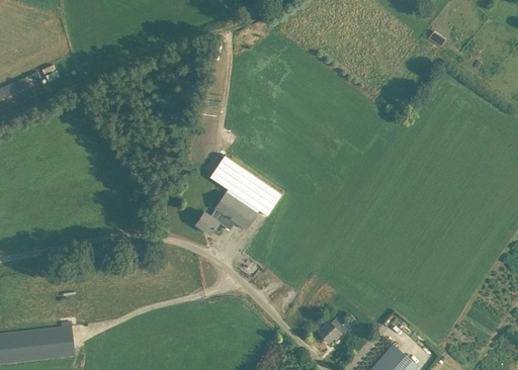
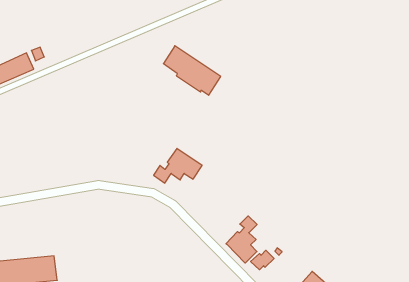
building: [208,155,280,216] -> [163,46,221,95]
building: none -> [226,216,257,263]

